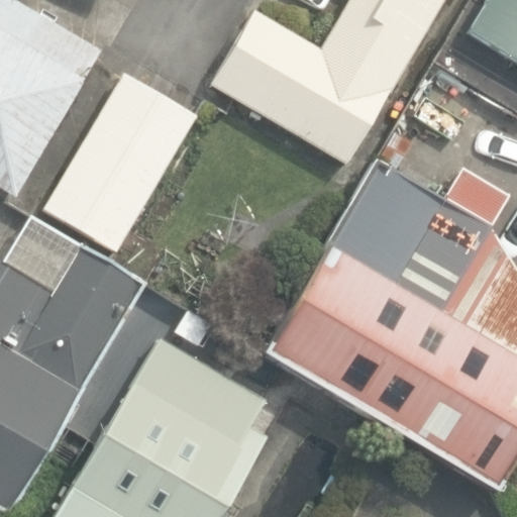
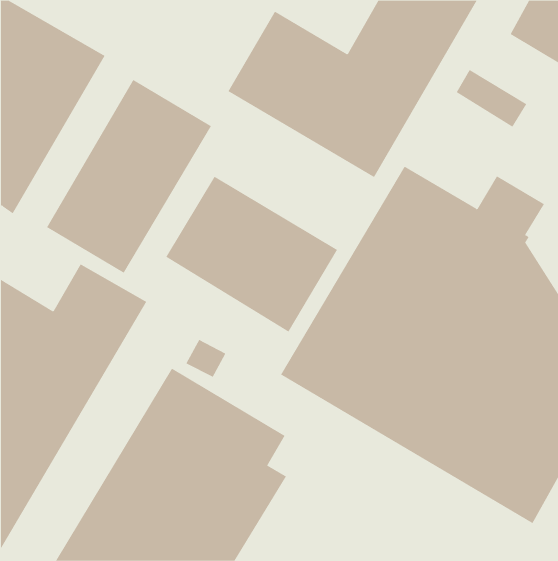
building: none -> [165,176,338,332]

